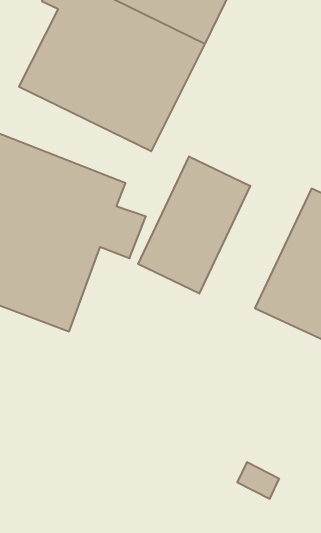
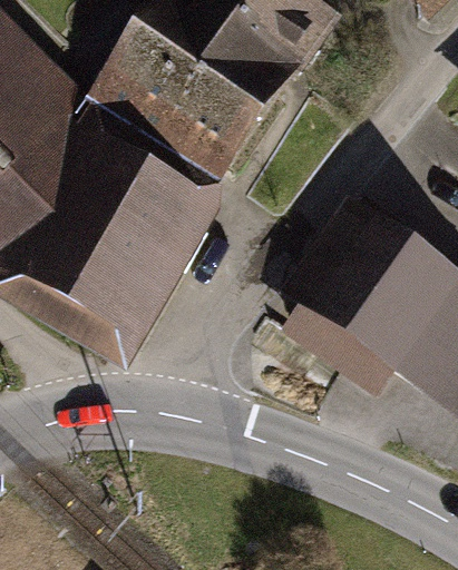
building: [138,156,250,294] -> none

